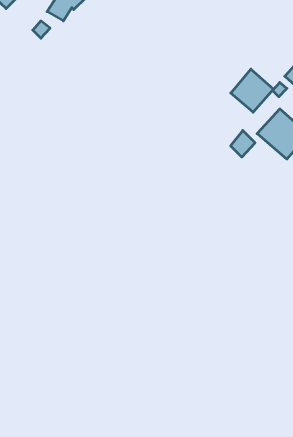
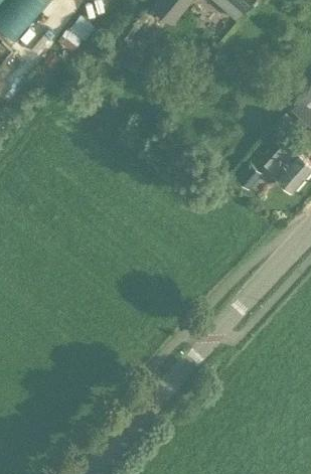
building: [231,69,273,112] -> none

